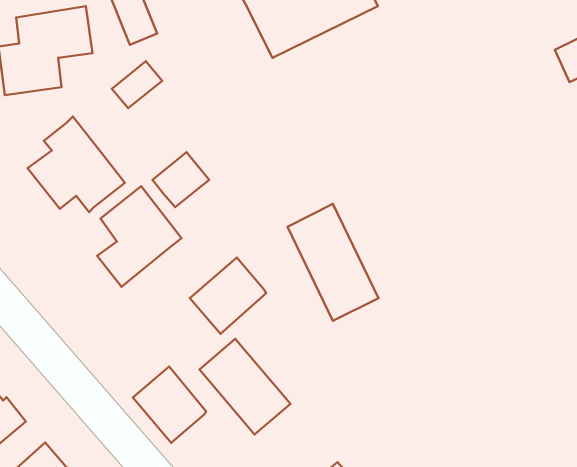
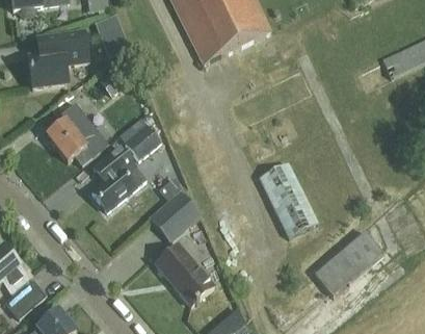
building: [288,204,378,321] -> [259,162,317,237]
building: none -> [315,231,383,296]
building: [133,366,206,443] -> none

